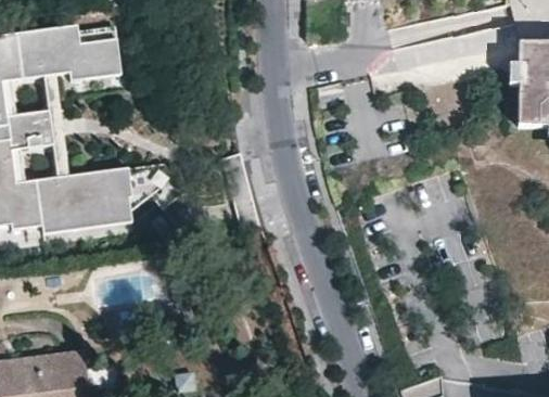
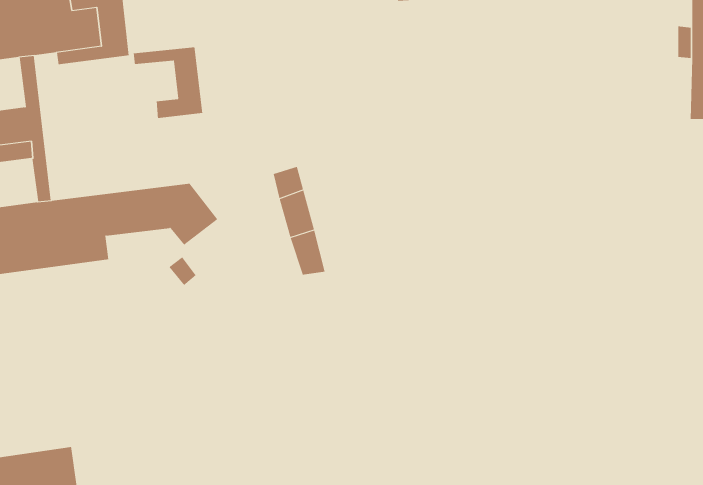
building: none -> [133,47,203,119]

